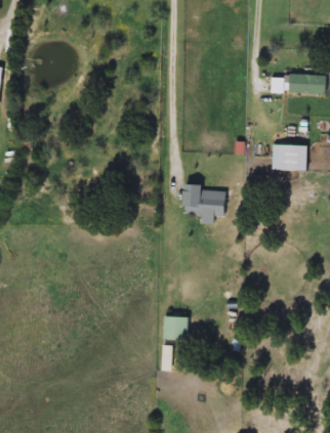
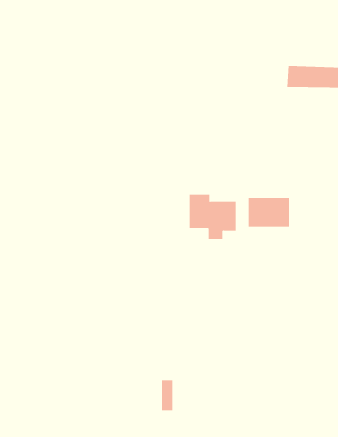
building: [271,144,306,170] -> [248,197,290,227]
building: [161,316,188,339] -> none

